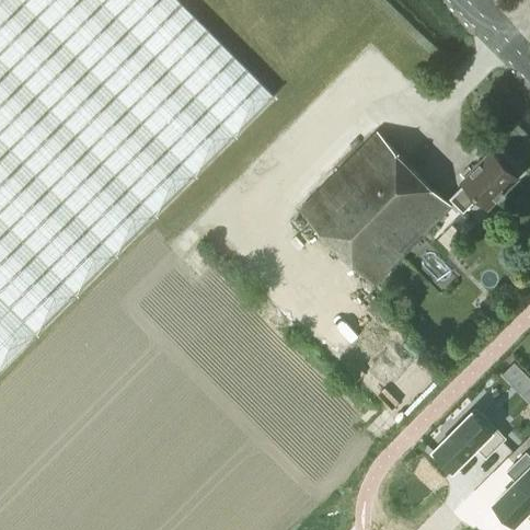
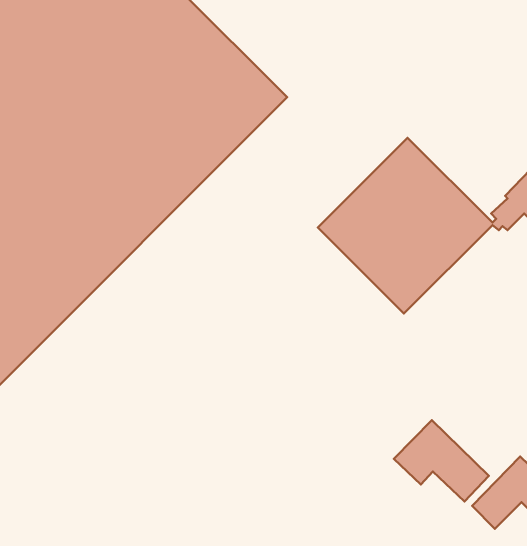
building: none -> [394,420,489,501]

